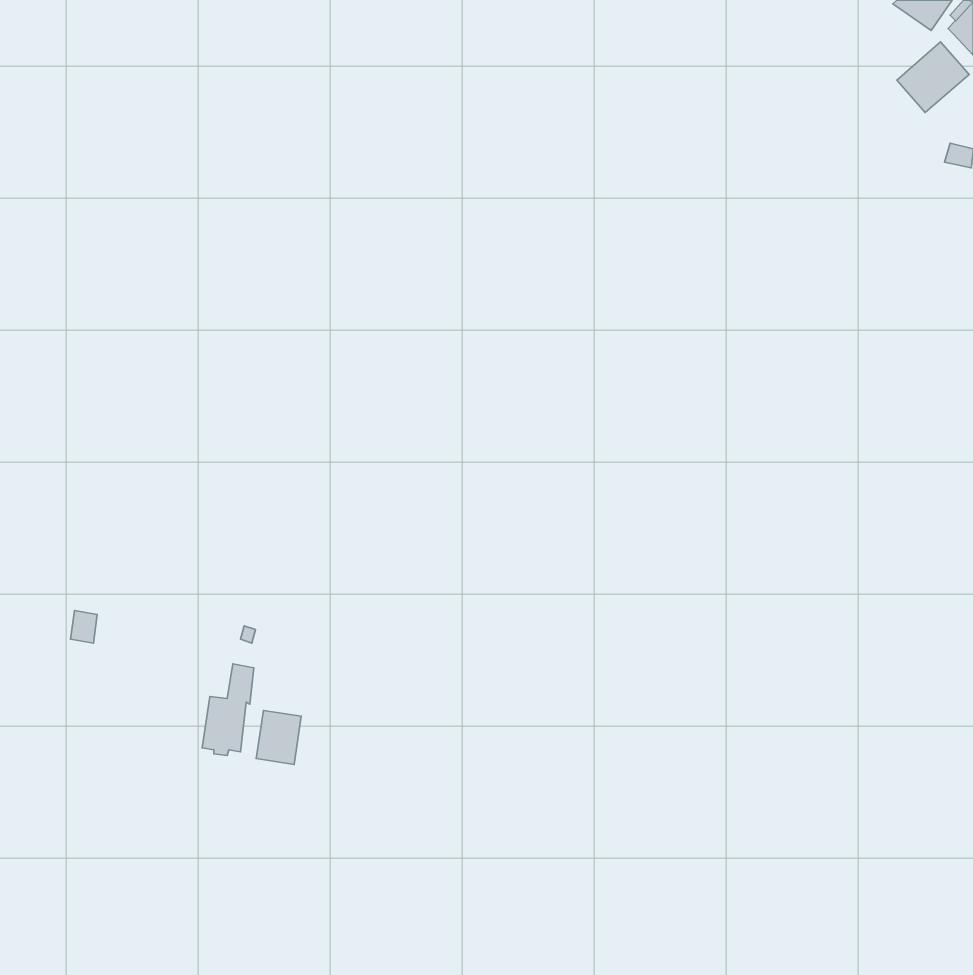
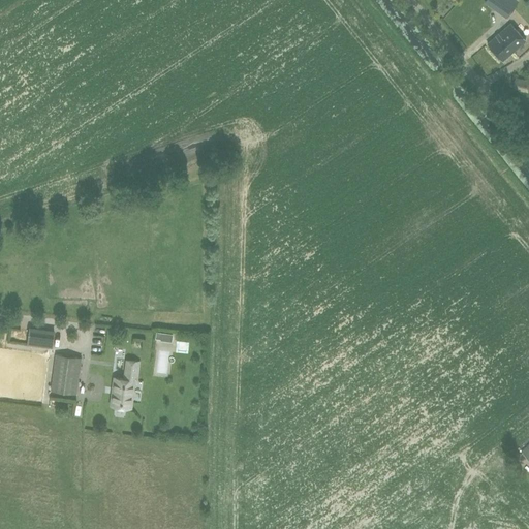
building: none -> [50,354,81,394]
building: [256,710,301,764] -> none

